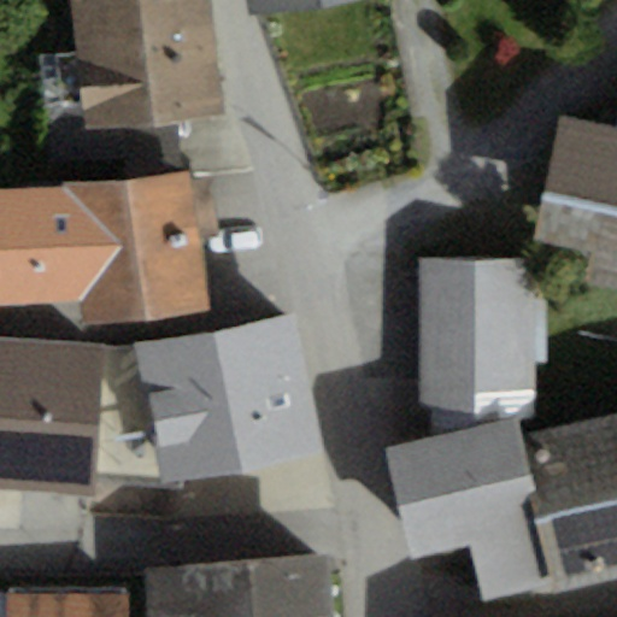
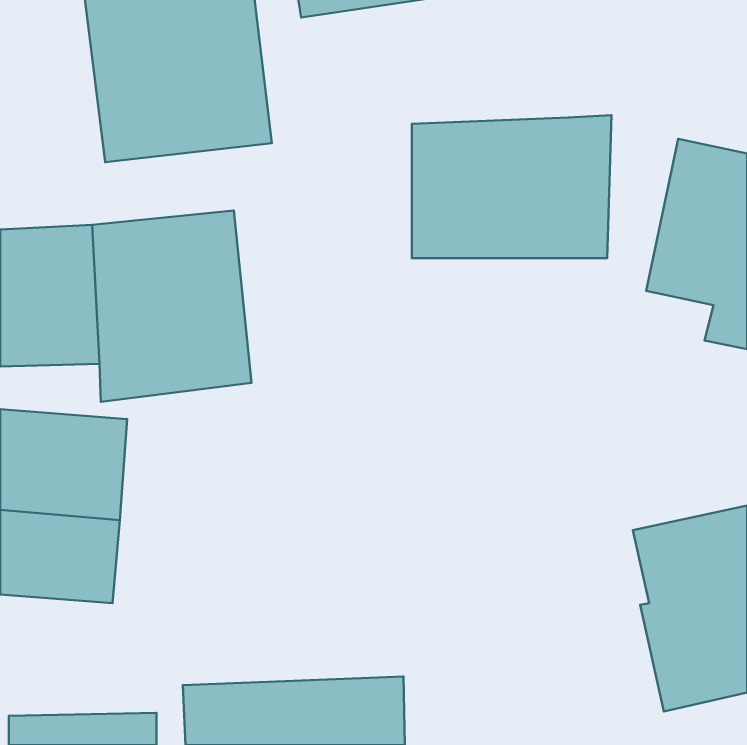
building: none -> [412,115,611,258]
building: [421,262,547,400] -> none
building: [133,311,330,486] -> none
building: [387,421,547,603] -> none

